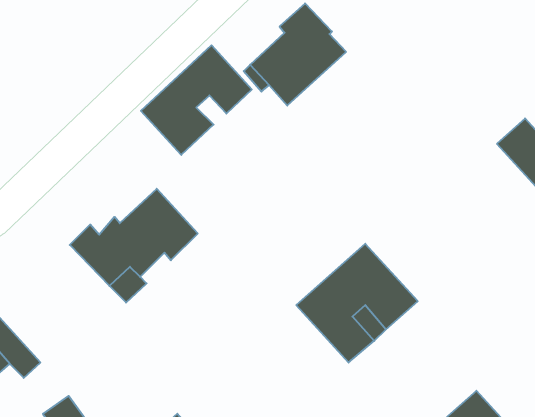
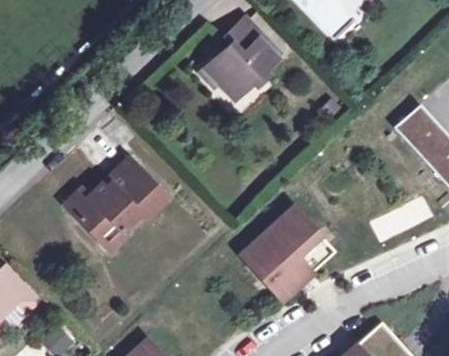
building: [141,45,252,155] -> none

